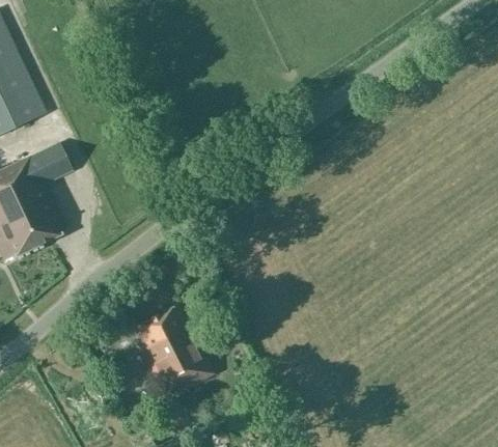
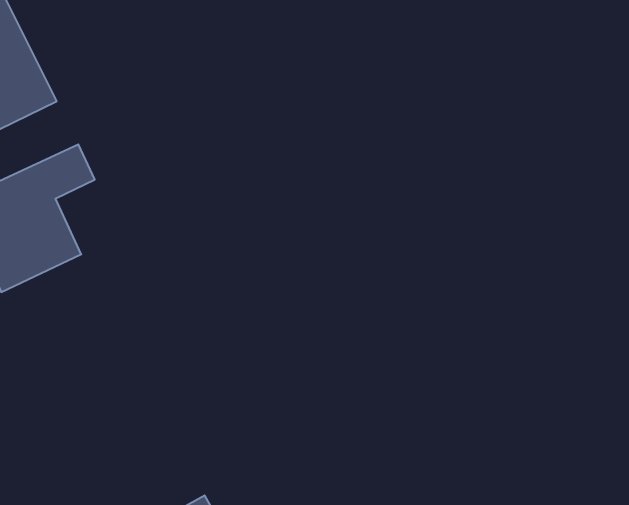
building: [136,304,211,392] -> none

